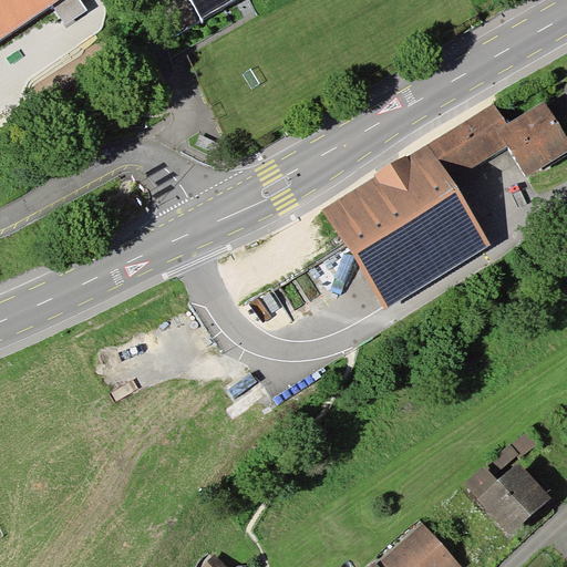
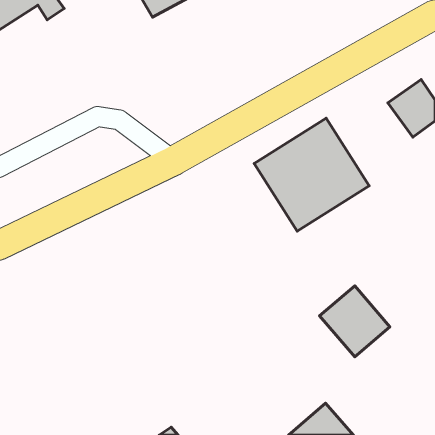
building: [433,107,503,178] -> none
building: [465,447,556,539] -> [320,286,390,357]

